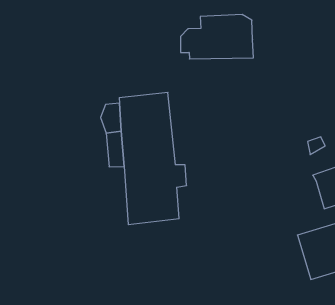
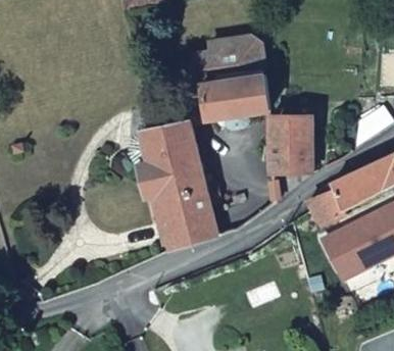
building: none -> [200,73,267,127]
building: none -> [265,117,315,171]
building: none -> [312,184,350,224]

